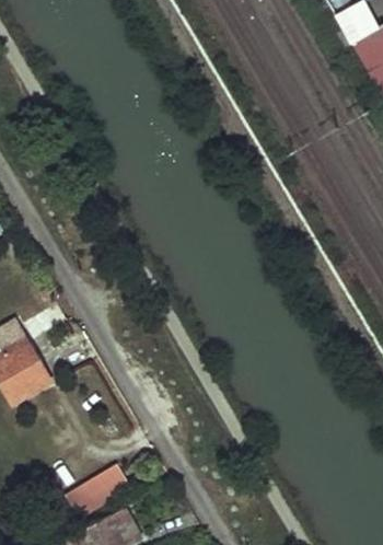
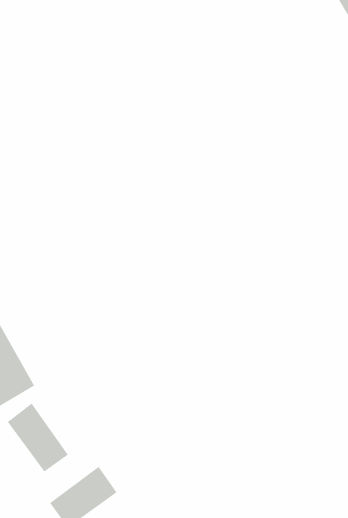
building: none -> [7,403,69,473]

